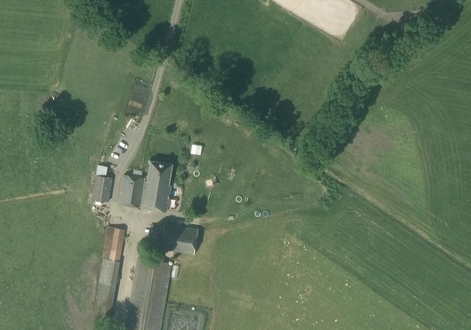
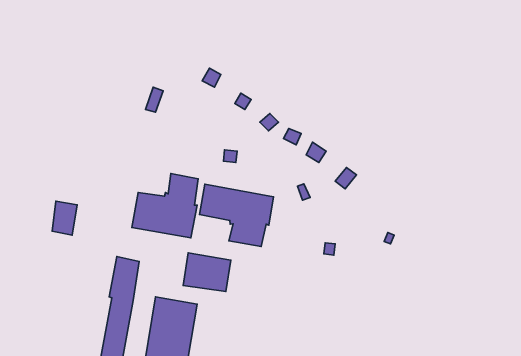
building: none -> [200,184,273,247]
building: [92,175,112,202] -> [52,201,77,235]

